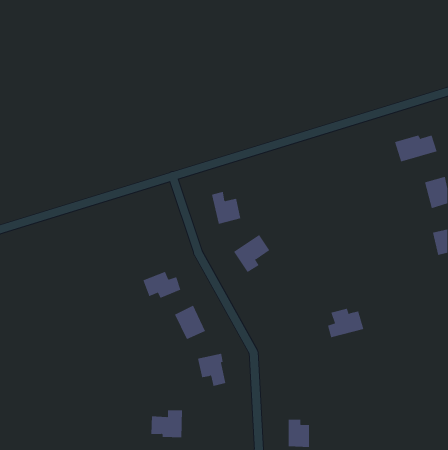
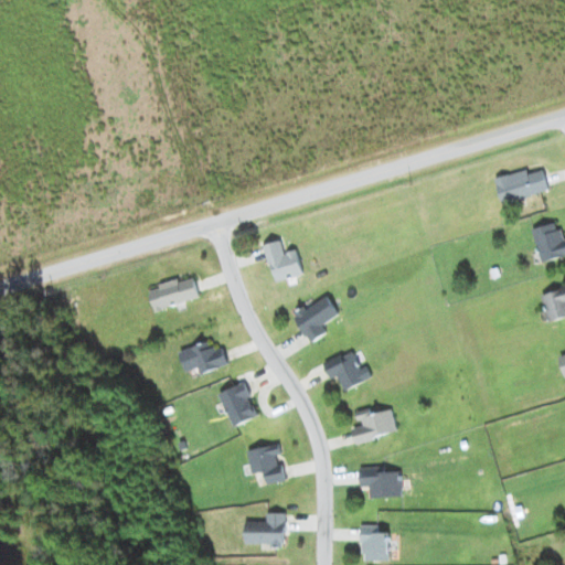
building: none -> [149,276,199,309]
building: none -> [323,350,372,390]
building: [327,308,364,338] -> [351,405,397,443]
building: none -> [360,467,402,498]
building: [150,410,183,438] -> [245,512,286,547]

